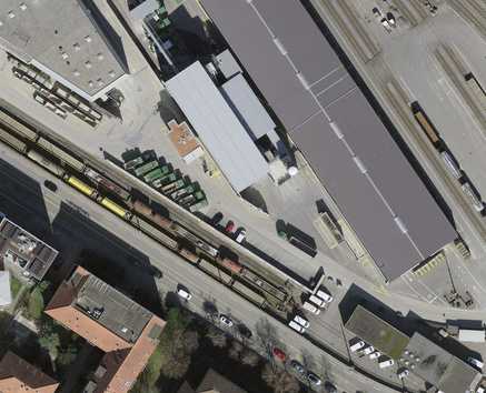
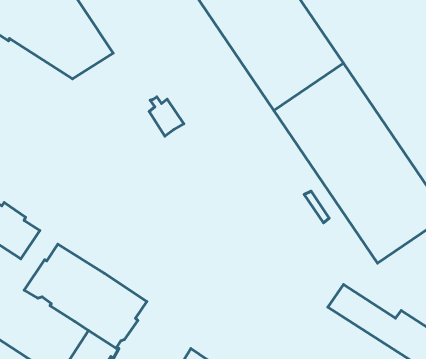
building: [162,49,289,193] -> none

